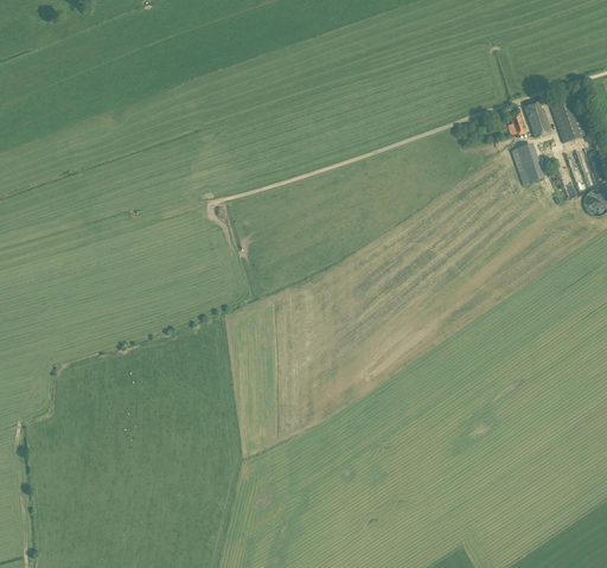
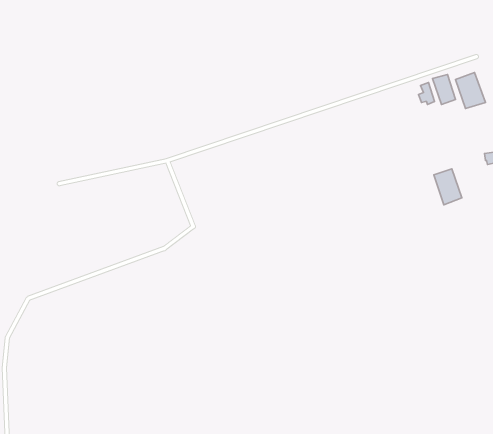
building: [510,143,543,186] -> [434,169,462,205]

